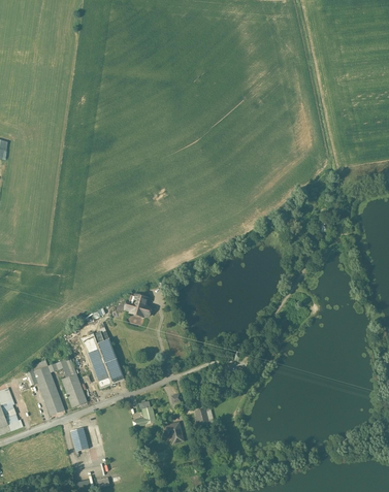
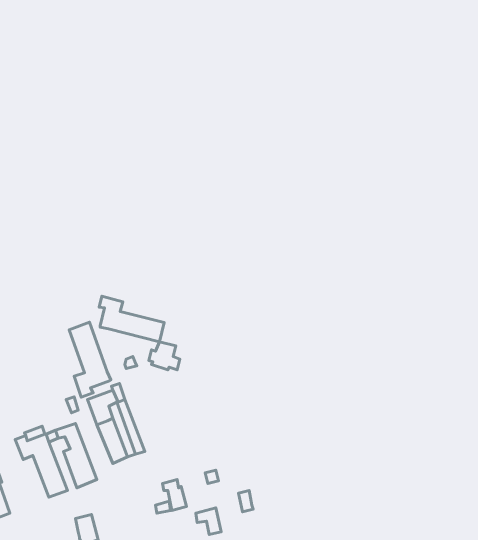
building: none -> [99,296,164,342]
building: none -> [69,322,111,397]

